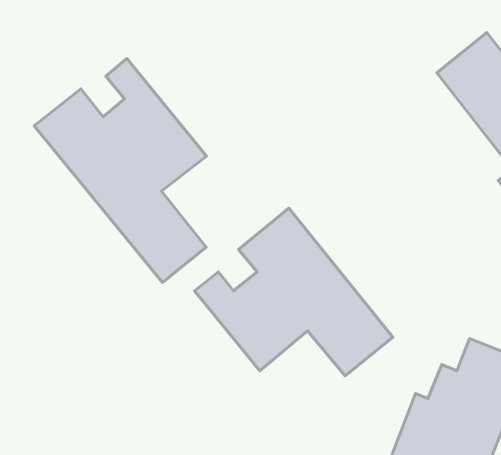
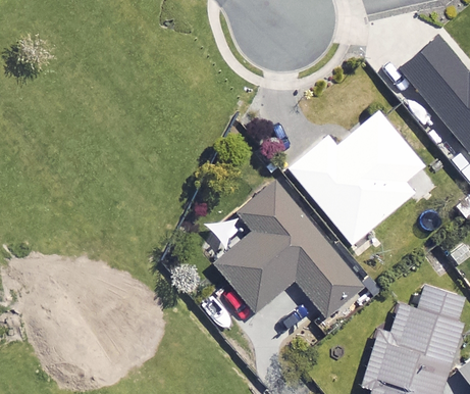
building: [34,58,207,282] -> none
building: none -> [290,112,423,243]

